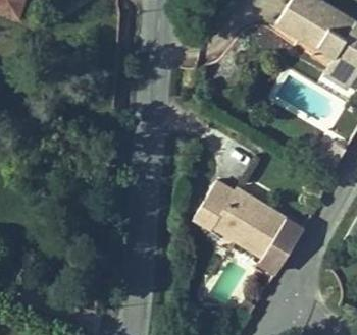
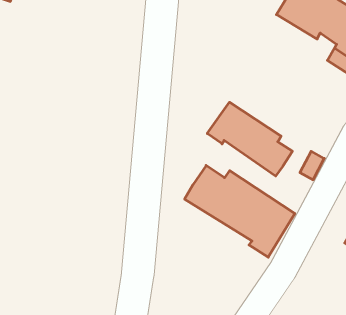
building: none -> [207,102,292,176]

